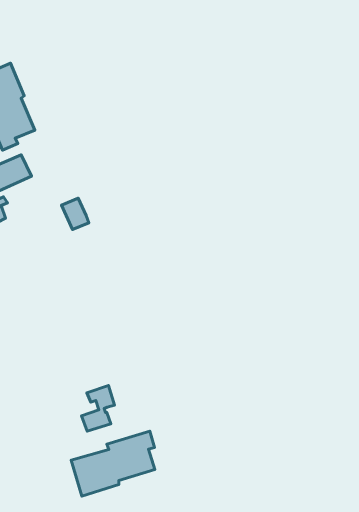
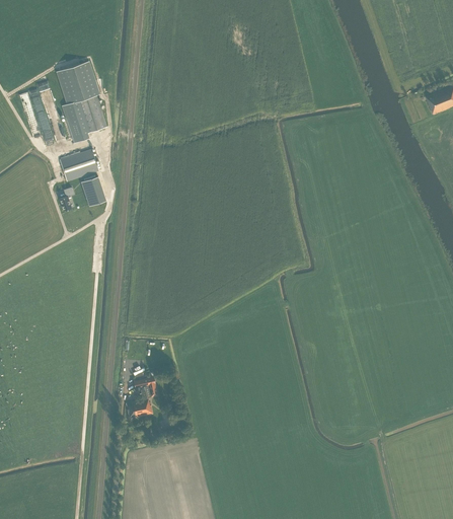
building: [62,198,89,230] -> [81,176,105,206]
building: [71,431,155,496] -> none

